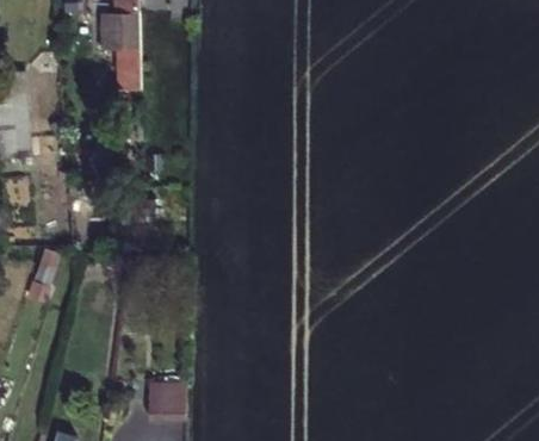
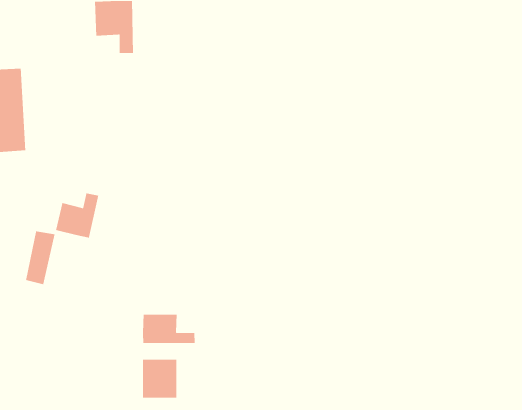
building: none -> [55,192,99,239]
building: none -> [142,314,196,344]

